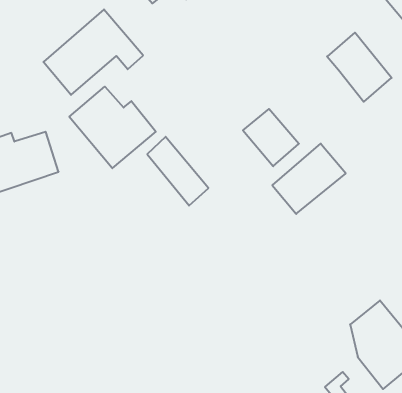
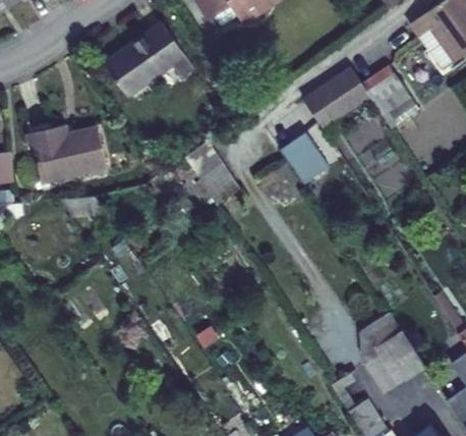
building: [69,87,156,168] -> none
building: [272,144,346,214] -> [303,68,371,130]

